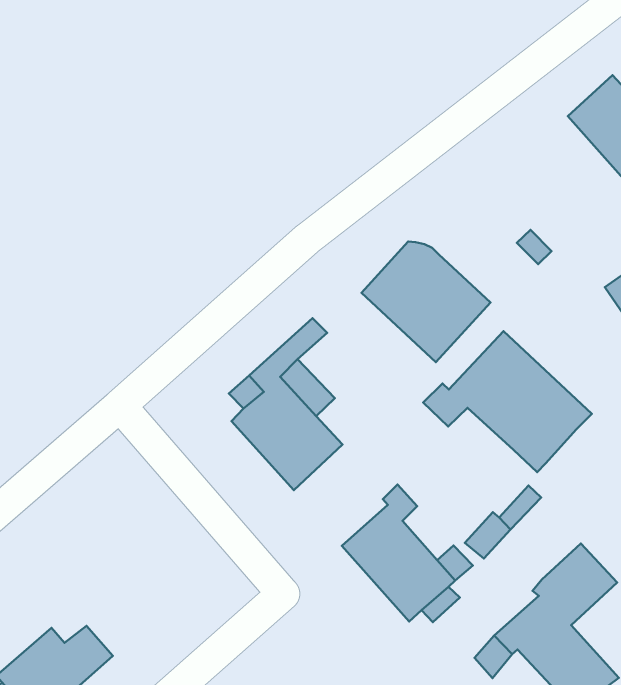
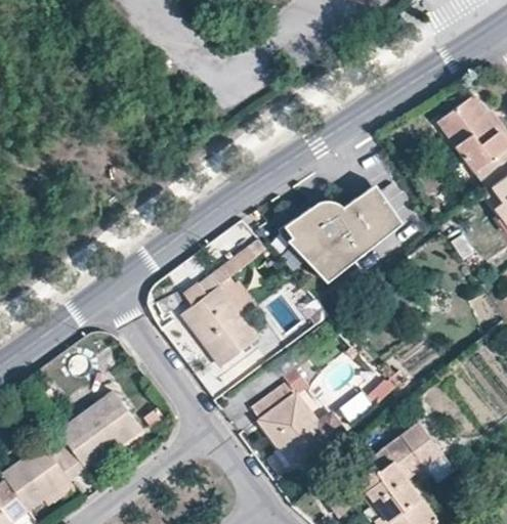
building: none -> [338,185,400,248]
building: [423,331,592,472] -> none
building: none -> [57,370,139,470]

